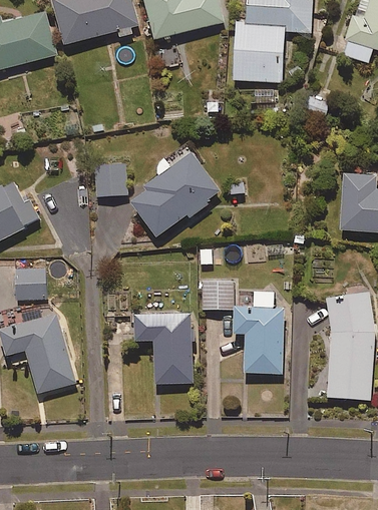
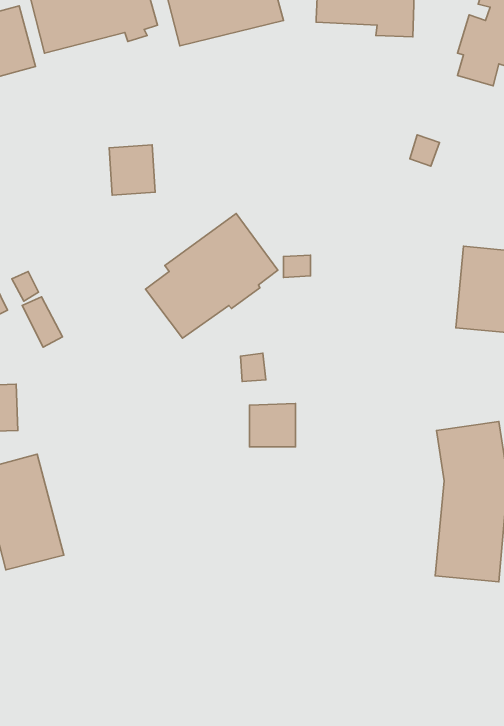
building: [233,21,287,82] -> none
building: [94,163,125,197] -> [109,145,155,195]
building: [233,291,283,374] -> none
building: [135,314,195,384] -> none

